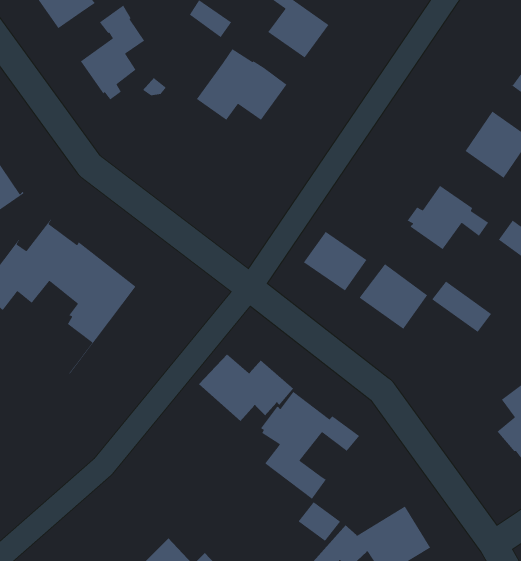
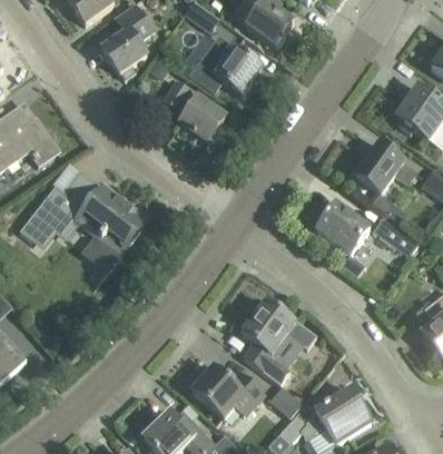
building: none -> [164,81,225,141]
building: [303,231,367,291] -> none
building: [198,354,294,422] -> [190,366,264,418]

